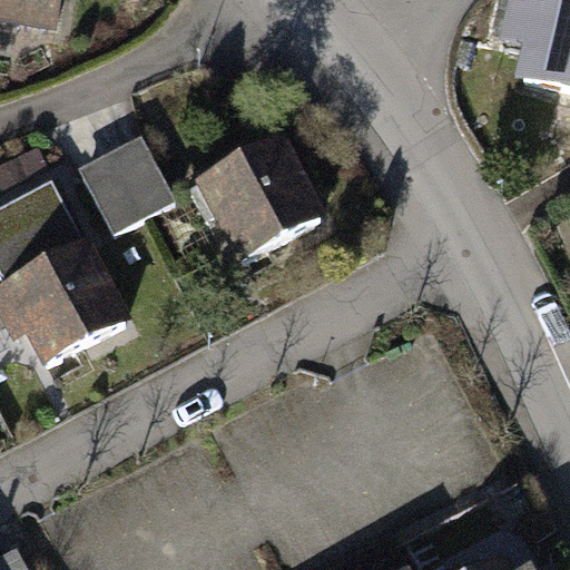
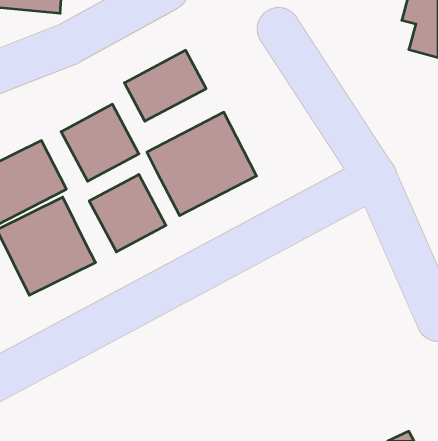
building: none -> [124,50,206,121]
building: none -> [89,174,166,252]

